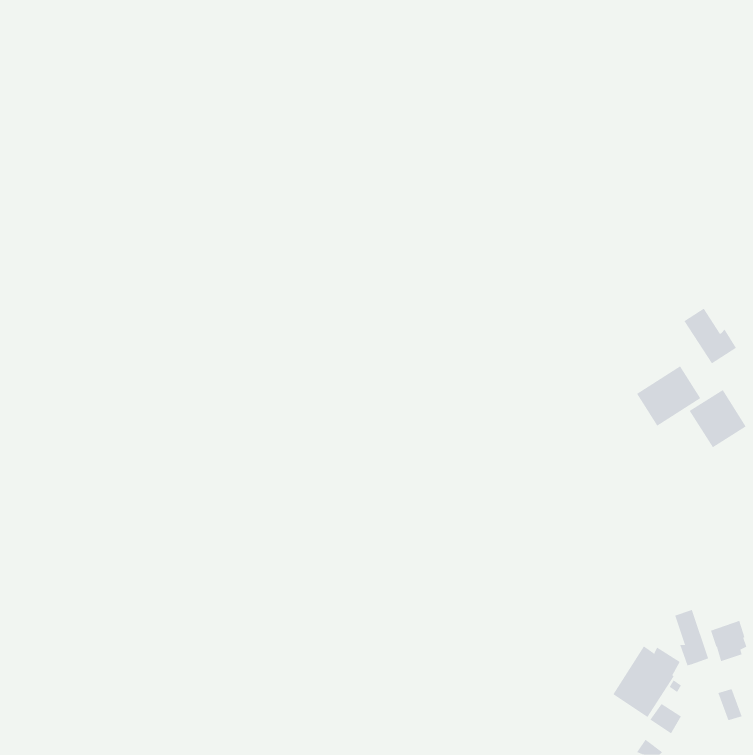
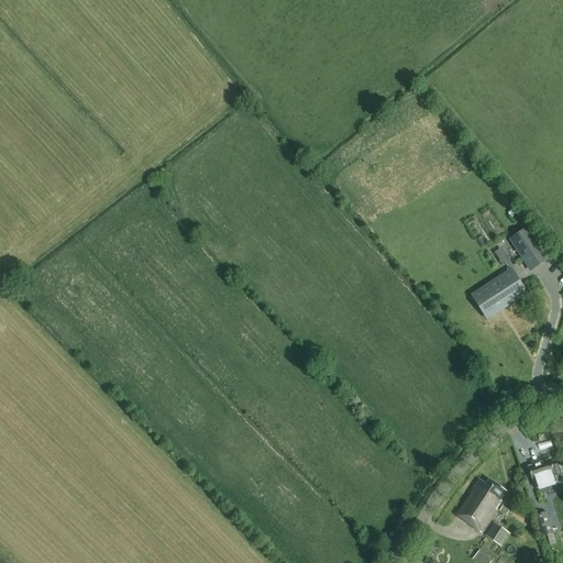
building: [689,389,747,448] -> none
building: [674,609,709,666] -> none

